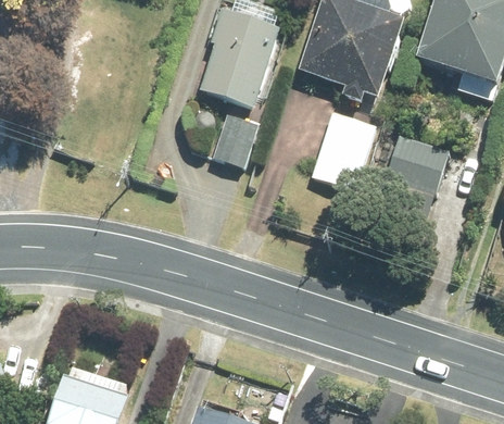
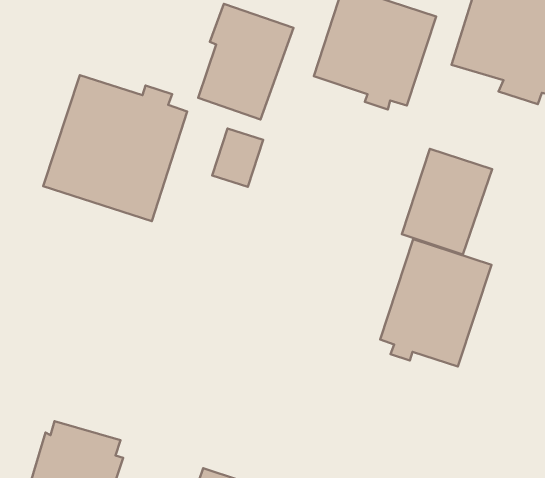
building: none -> [43,75,187,221]
building: [310,105,375,187] -> none
building: none -> [380,239,491,366]

